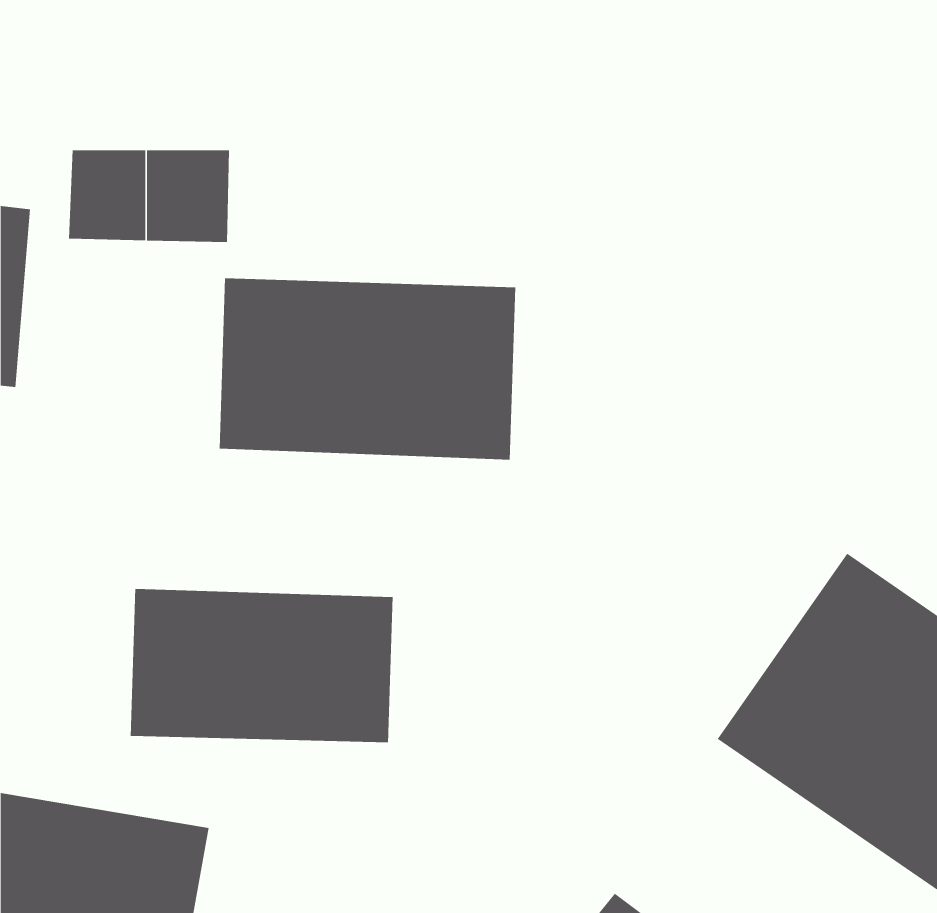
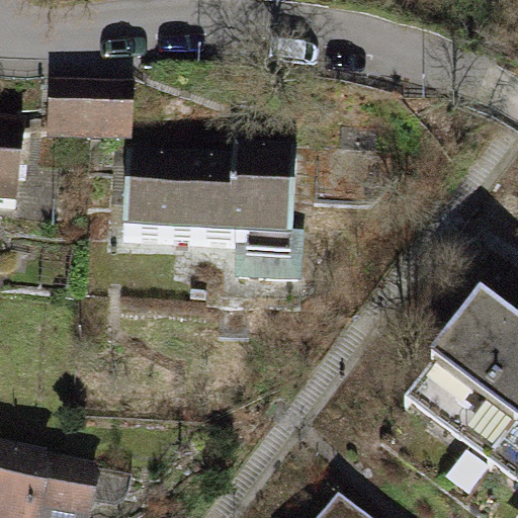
building: [130,588,393,743] -> none

